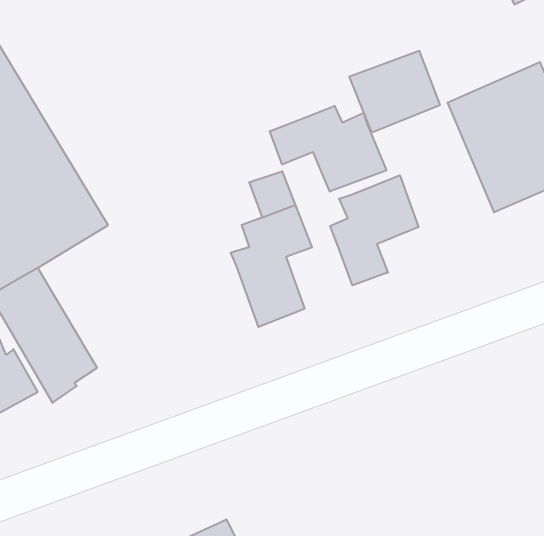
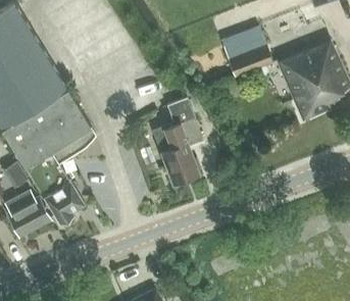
building: [270,106,386,192] -> none
building: [330,175,419,285] -> none

